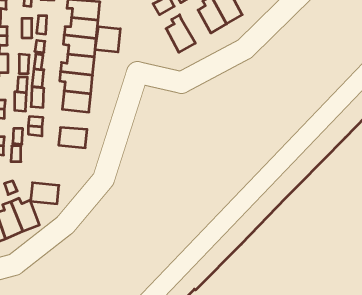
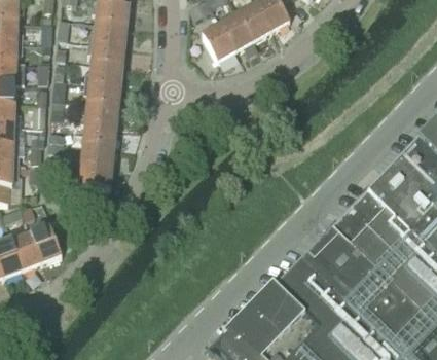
building: none -> [217,13,252,50]
building: [95,27,120,52] -> none
building: none -> [83,124,115,147]
building: [31,183,59,204] -> [79,165,111,188]

